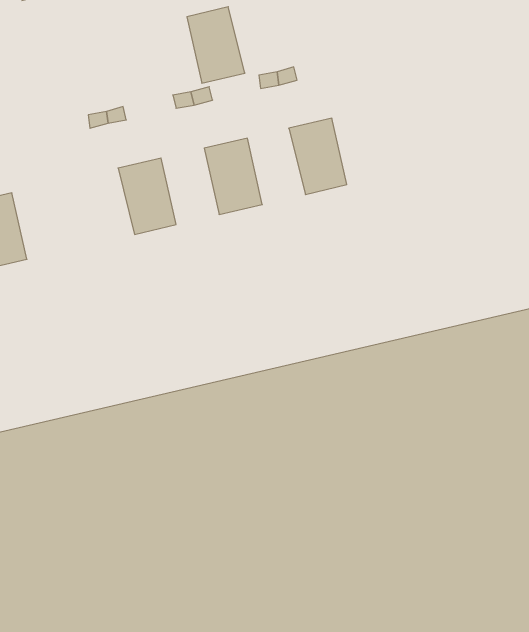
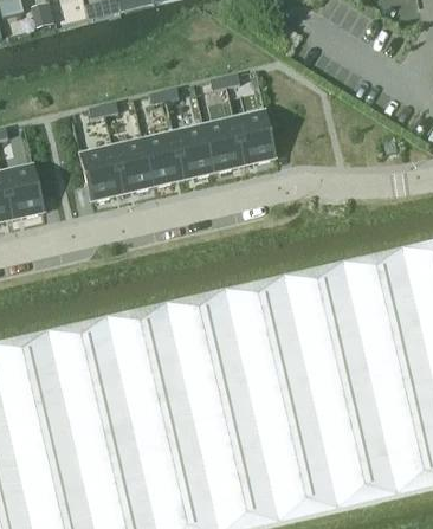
building: [187,7,245,83] -> [196,120,238,174]
building: none -> [135,134,176,188]
building: none -> [75,148,116,202]

